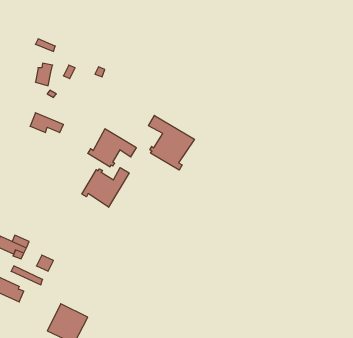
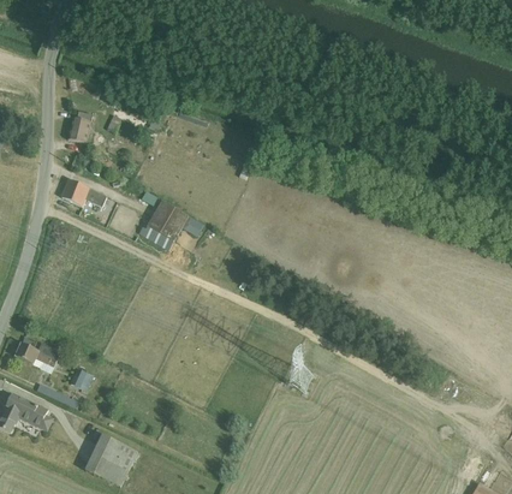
building: [148,115,194,170] -> none
building: [82,168,129,207] -> none

